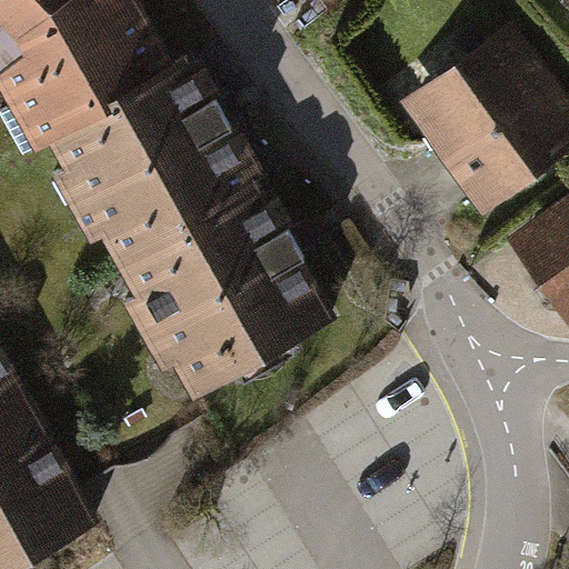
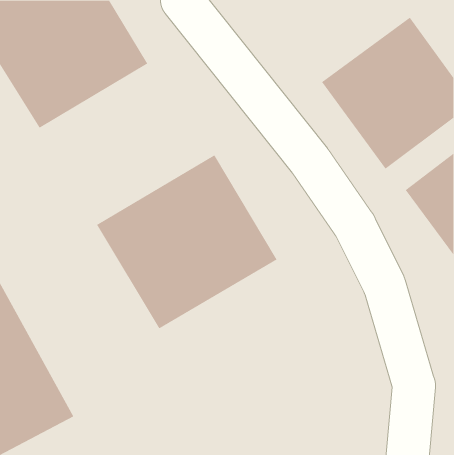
building: [49,73,268,281] -> none

